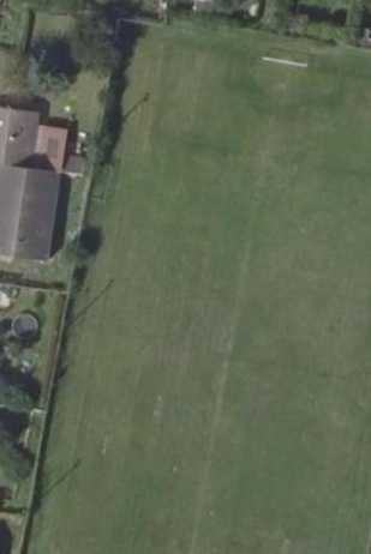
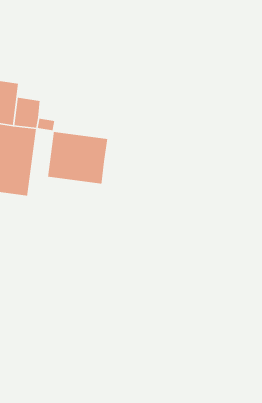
building: none -> [47,131,108,184]

